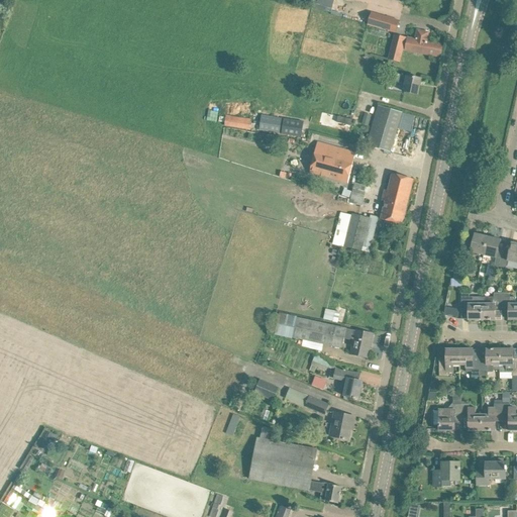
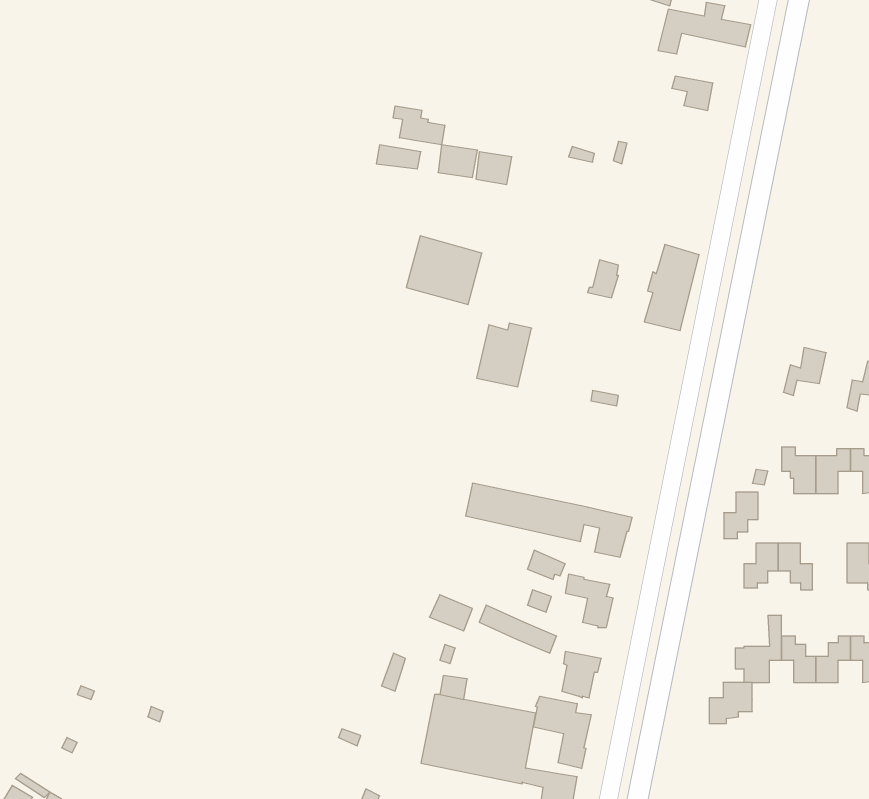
building: none -> [393,106,445,145]
building: [367,104,401,150] -> none
building: [310,141,354,182] -> [406,236,482,305]
building: [344,213,377,250] -> [477,323,532,387]
building: [483,236,502,279] -> none
building: [479,348,499,376] -> [724,492,758,539]
building: none -> [533,696,591,769]
building: [433,461,458,486] -> [709,682,752,724]
building: [476,461,506,484] -> none

